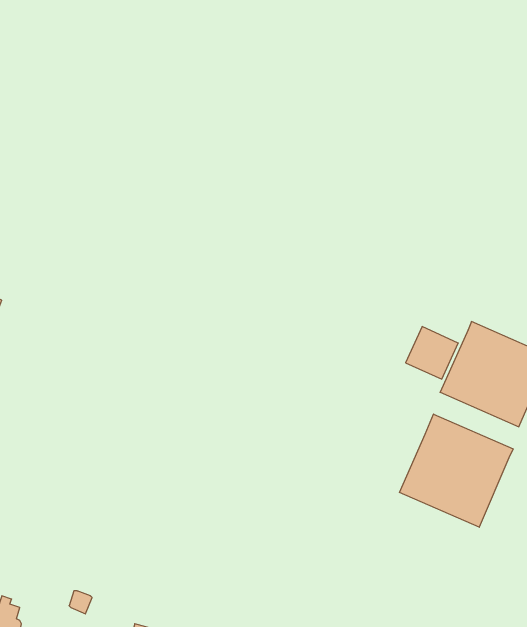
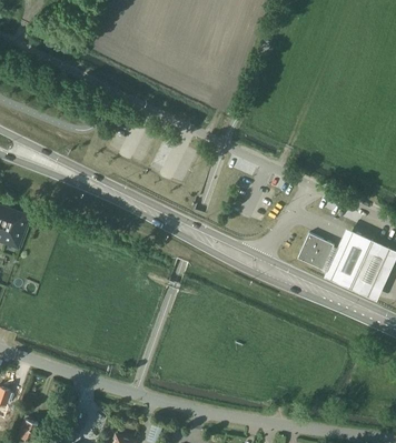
building: [400,414,513,527] -> none

